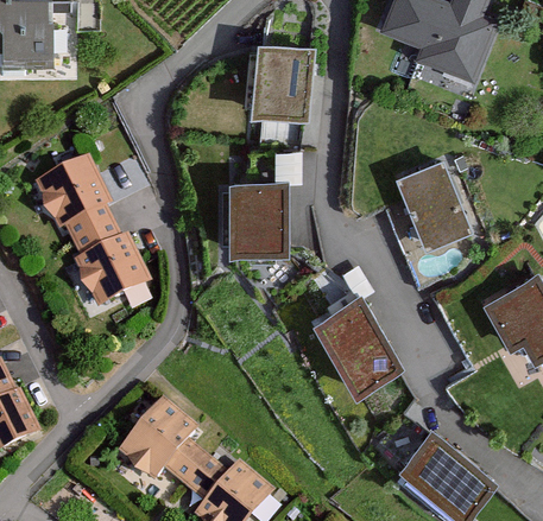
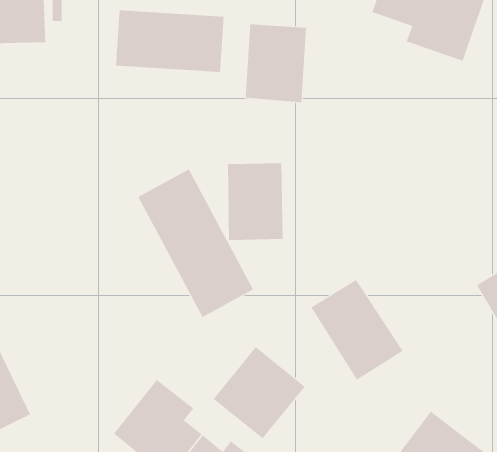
building: none -> [116,10,224,73]
building: [394,155,471,246] -> none
building: [34,161,152,312] -> [138,168,254,318]
building: none -> [213,346,305,439]

